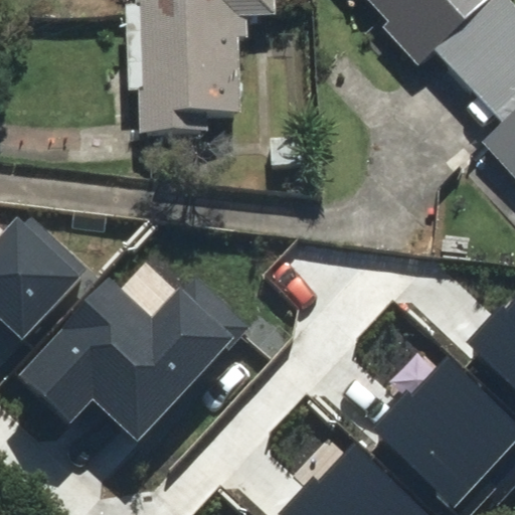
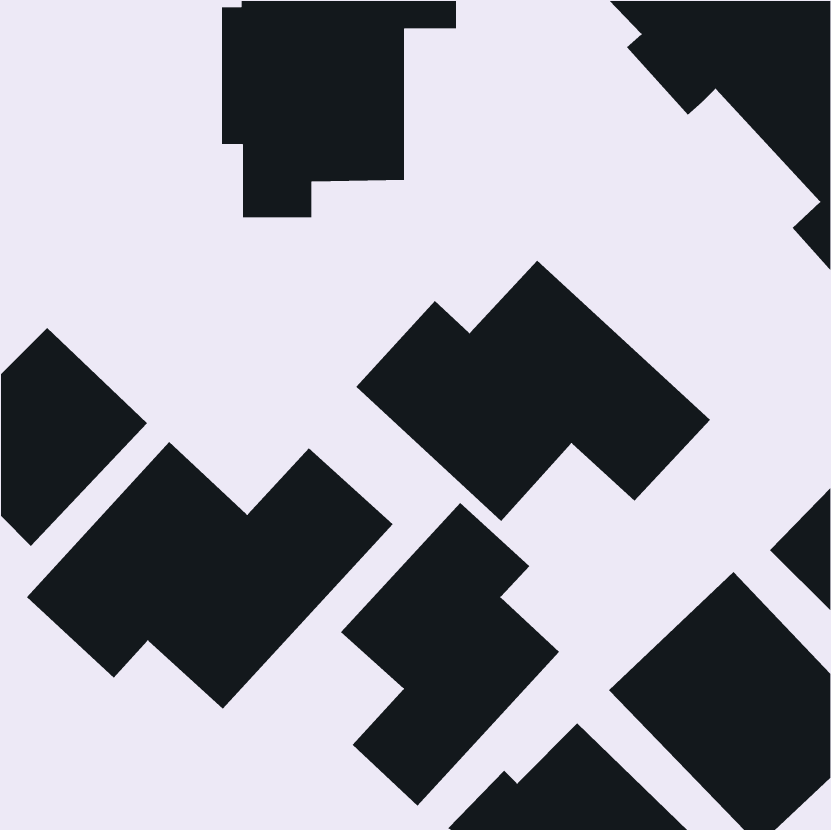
building: none -> [355,260,711,522]
building: none -> [340,502,560,807]

